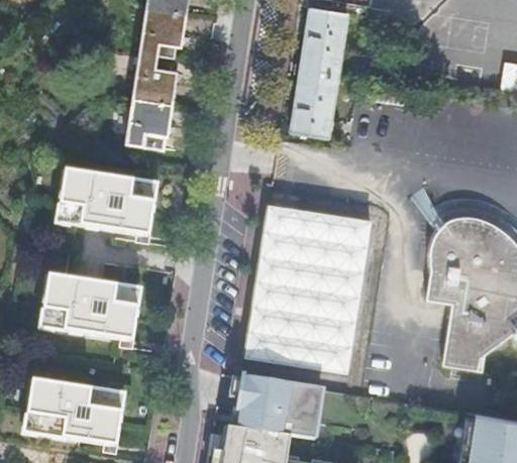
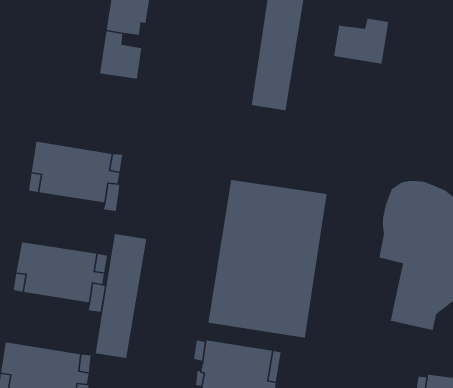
building: none -> [333,18,389,65]
building: [125,98,172,145] -> none
building: none -> [95,233,147,359]

